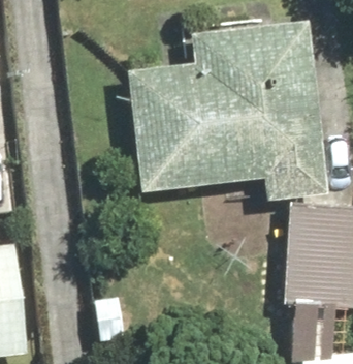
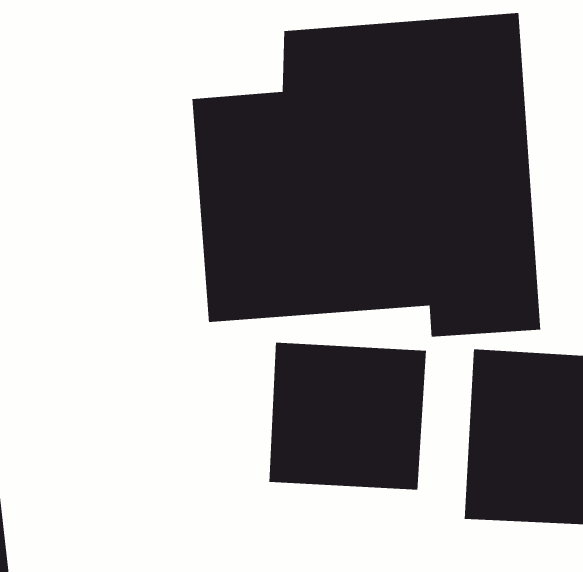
building: none -> [268,342,427,491]

